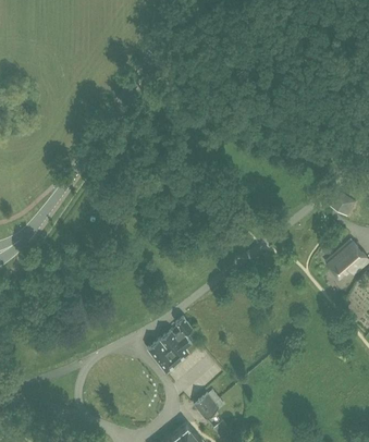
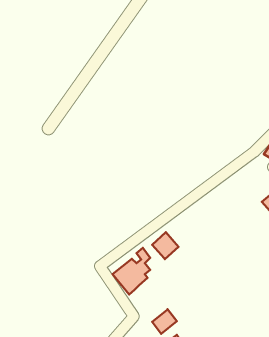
building: none -> [152,232,178,259]

